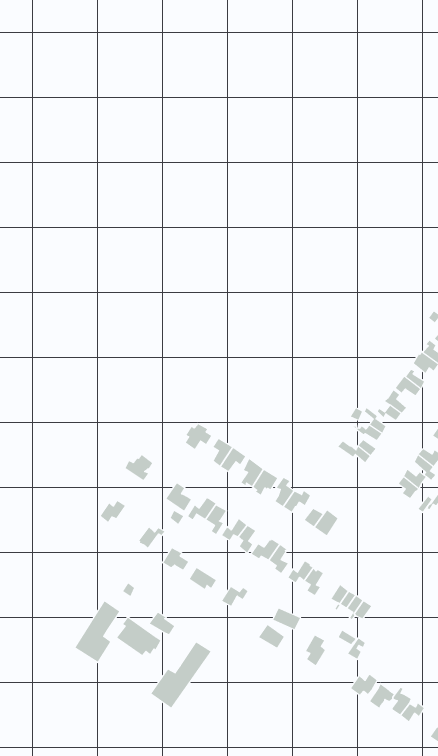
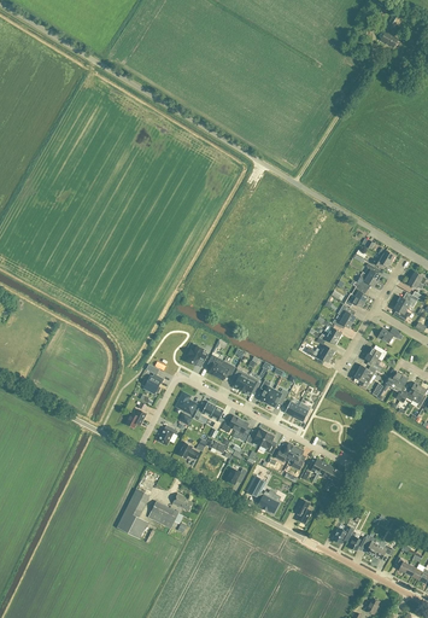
building: [150,641,211,708] -> none

